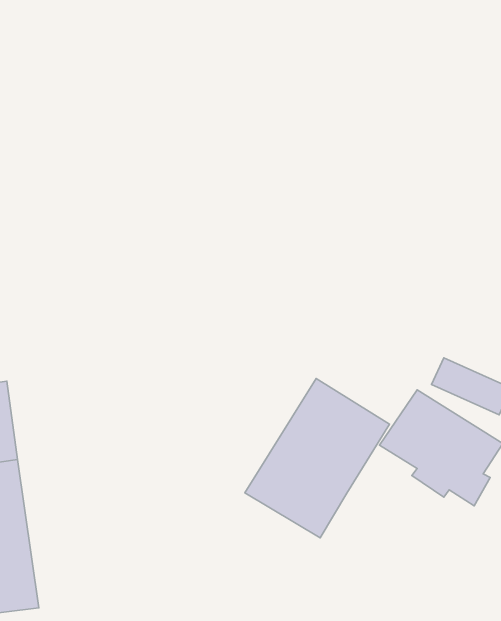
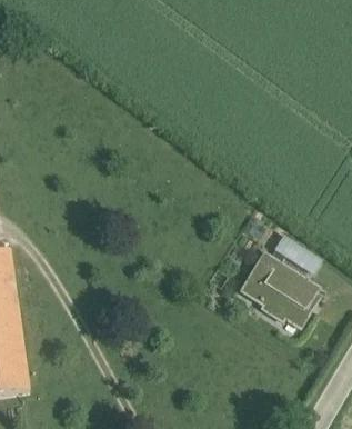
building: [245,378,389,538] -> none

